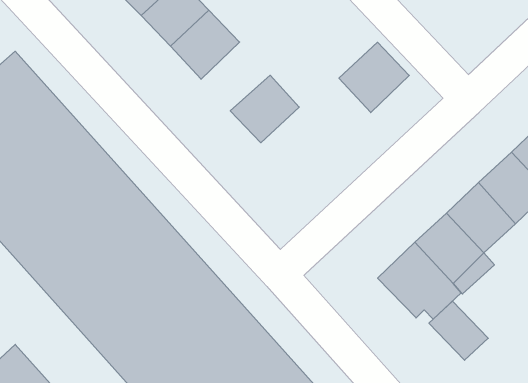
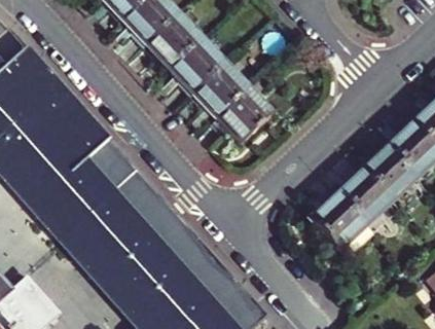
building: none -> [170,38,223,92]
building: [339,42,409,113] -> [216,88,270,143]
building: [429,301,488,360] -> none

